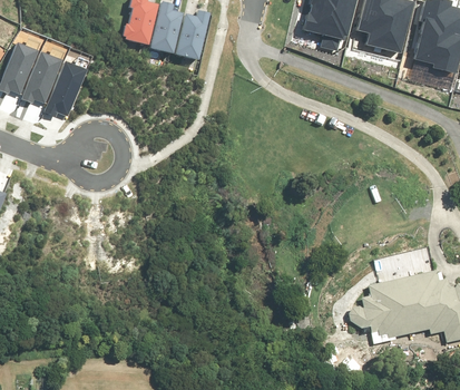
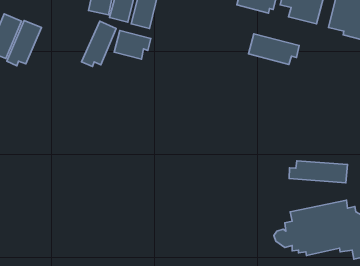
building: [41,61,84,117] -> [82,21,116,67]
building: none -> [114,30,151,59]
building: none -> [248,34,299,64]
building: none -> [289,161,347,183]

